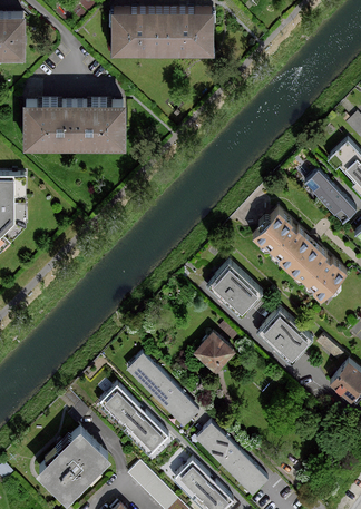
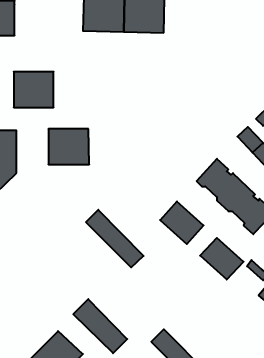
building: [74,100,125,145] -> [48,129,89,164]
building: [194,332,234,372] -> none
building: [127,354,199,427] -> [86,210,144,267]

